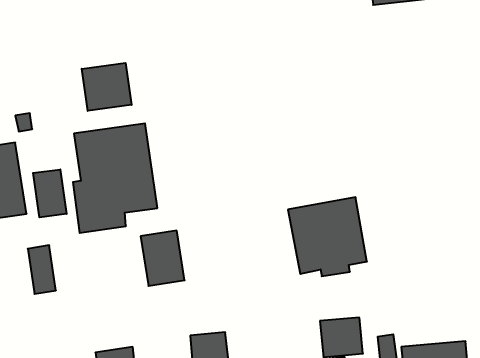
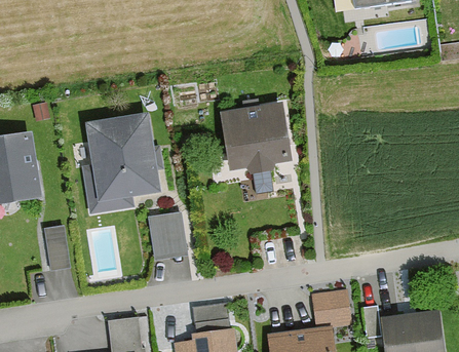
building: [82,63,132,111] -> none
building: [33,169,67,217] -> none
building: [288,197,367,276] -> [221,103,293,174]

